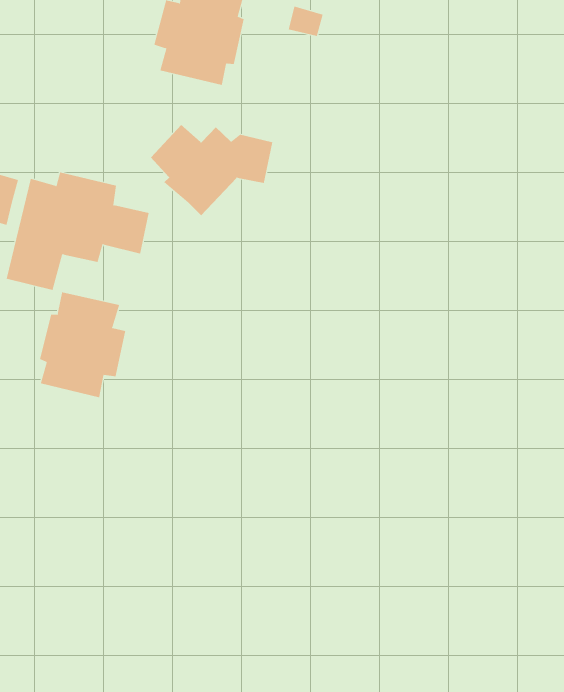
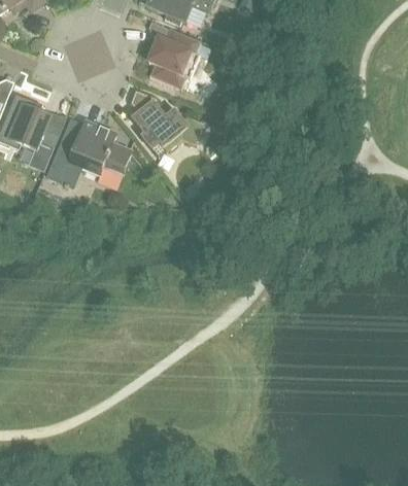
building: [39,291,126,398] -> none

